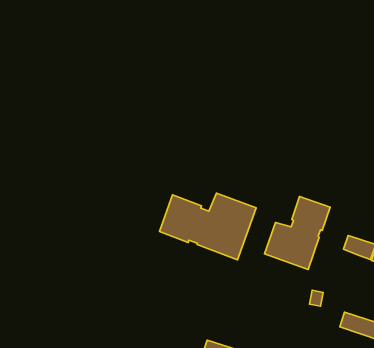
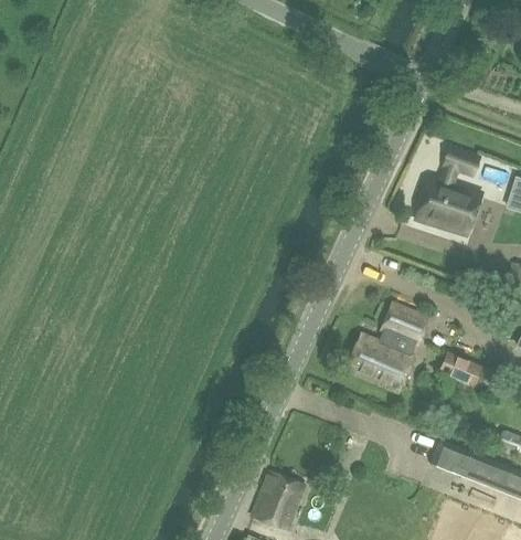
building: none -> [415,145,482,234]
building: [160,193,256,260] -> none

